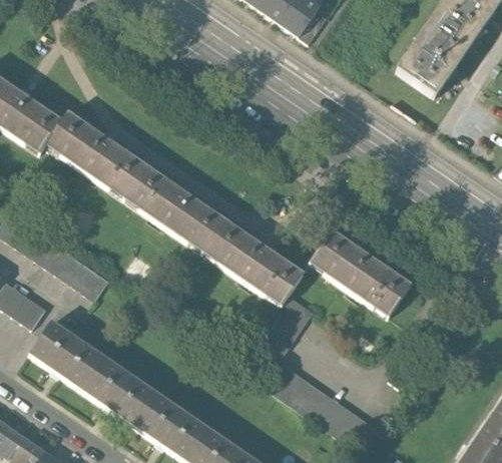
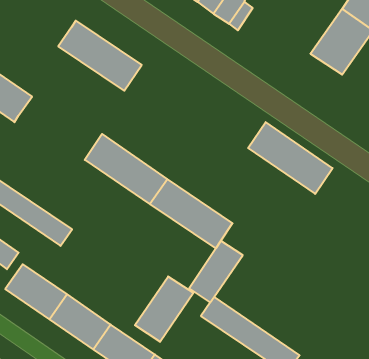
building: [46,112,146,196] -> [58,21,142,91]
building: [311,230,412,317] -> [248,122,333,194]
building: none -> [135,276,193,342]

